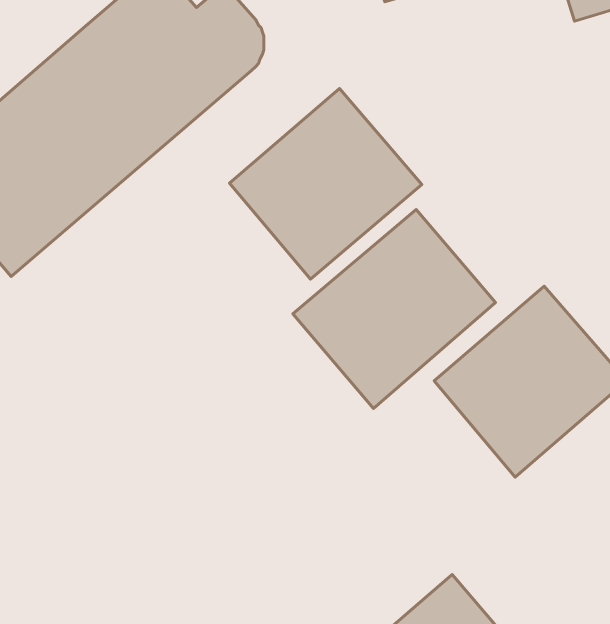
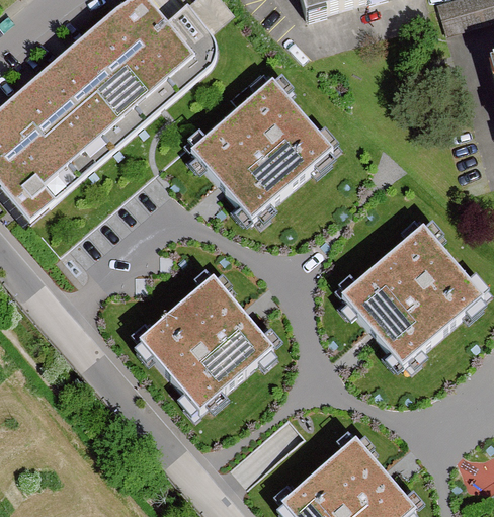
building: [293,209,496,408] -> none
building: none -> [139,275,272,410]

